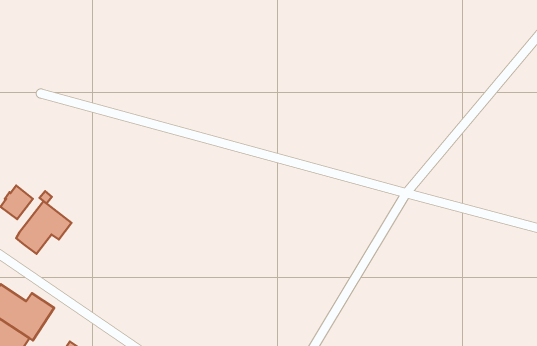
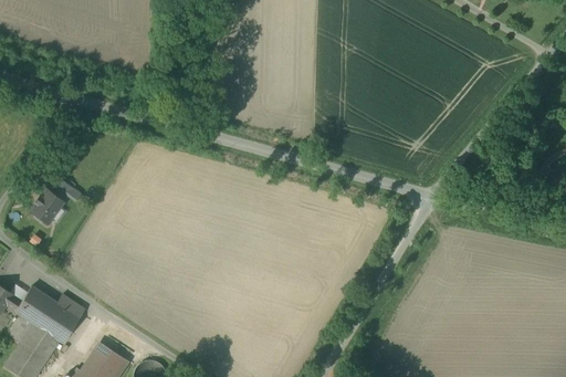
building: [16,201,72,254] -> none

